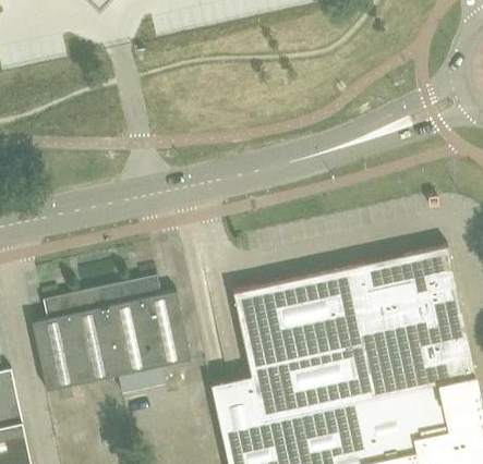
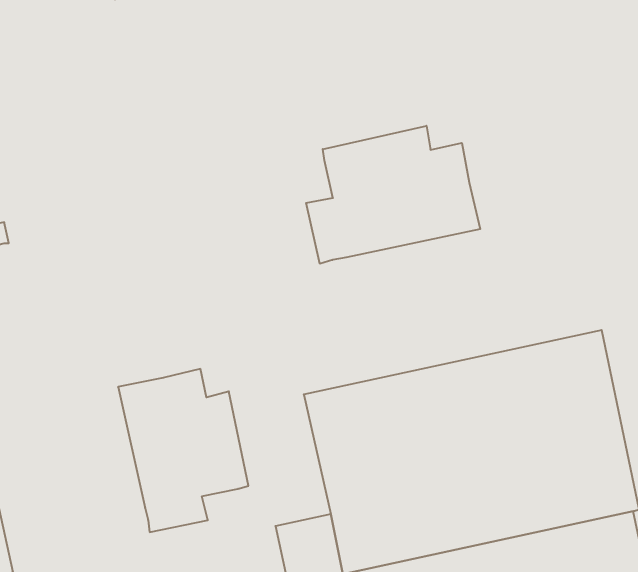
building: none -> [306,126,480,264]
building: [32,288,117,391] -> none

